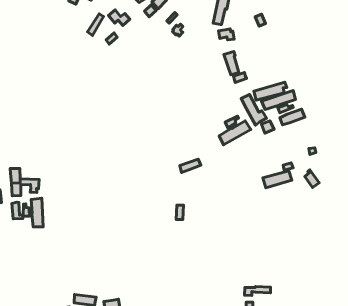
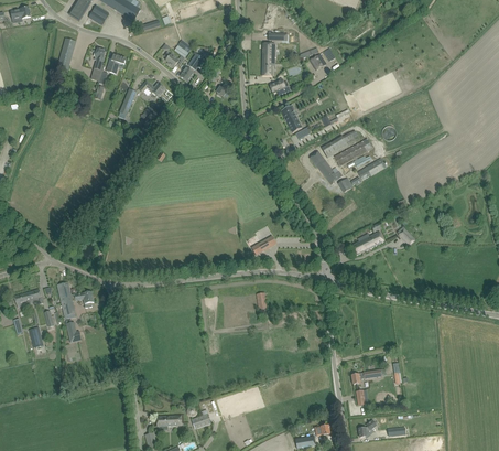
building: [219,116,251,145] -> none
building: [23,198,43,227] -> none

